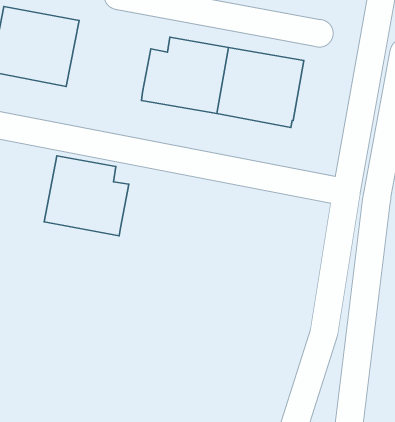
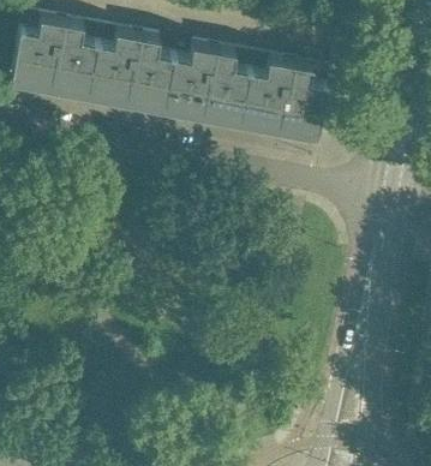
building: [44,156,129,236] -> [88,31,174,113]

